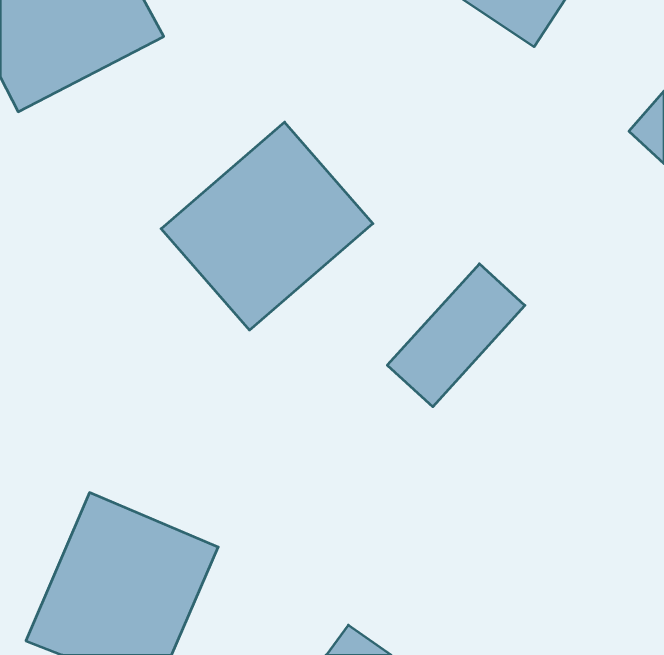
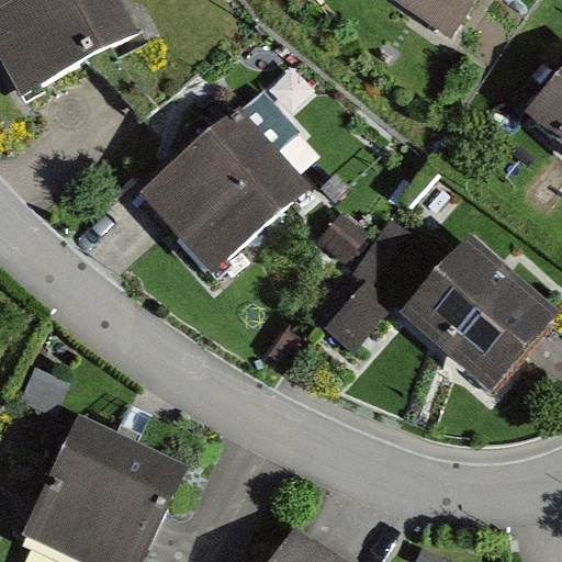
building: none -> [402,233,554,384]

